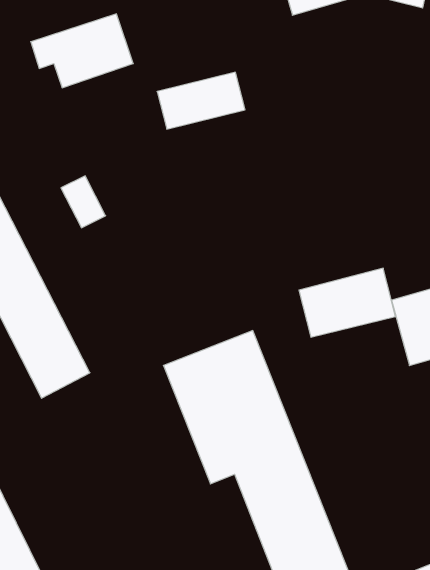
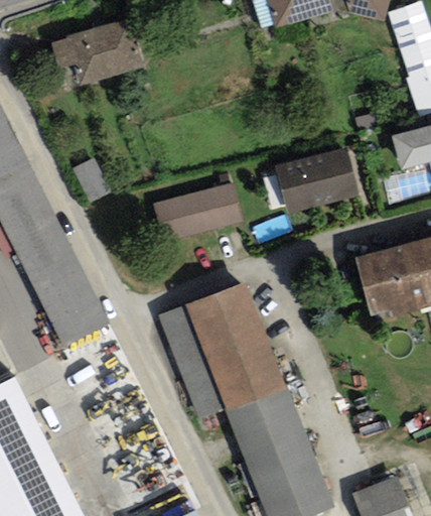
building: [157,72,245,129] -> [165,188,239,236]
building: [299,268,395,337] -> [277,152,357,210]

